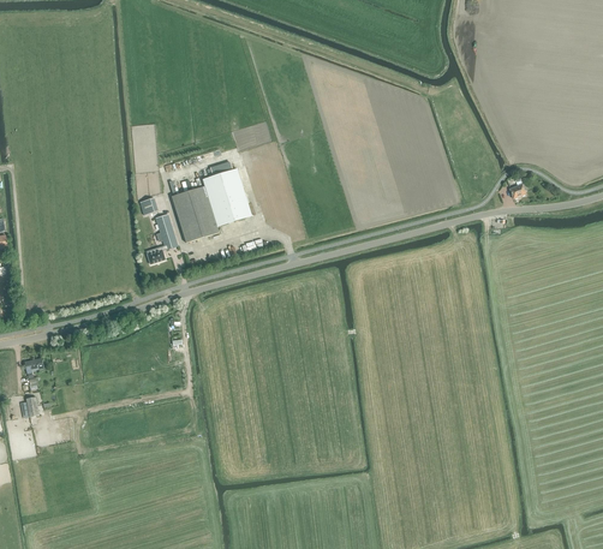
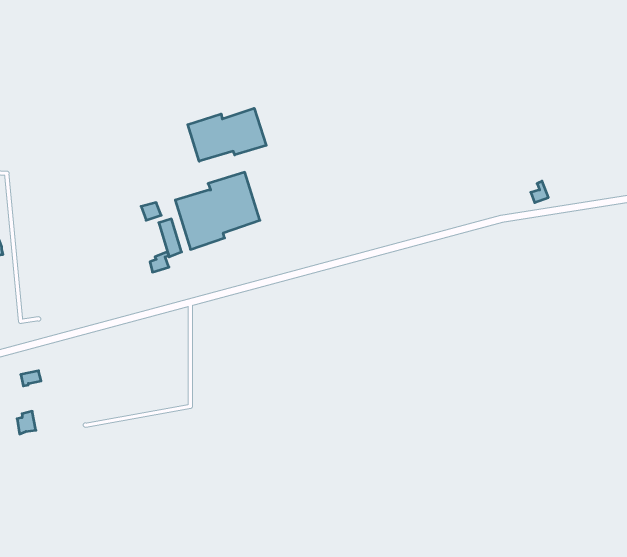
building: none -> [188,108,266,161]

